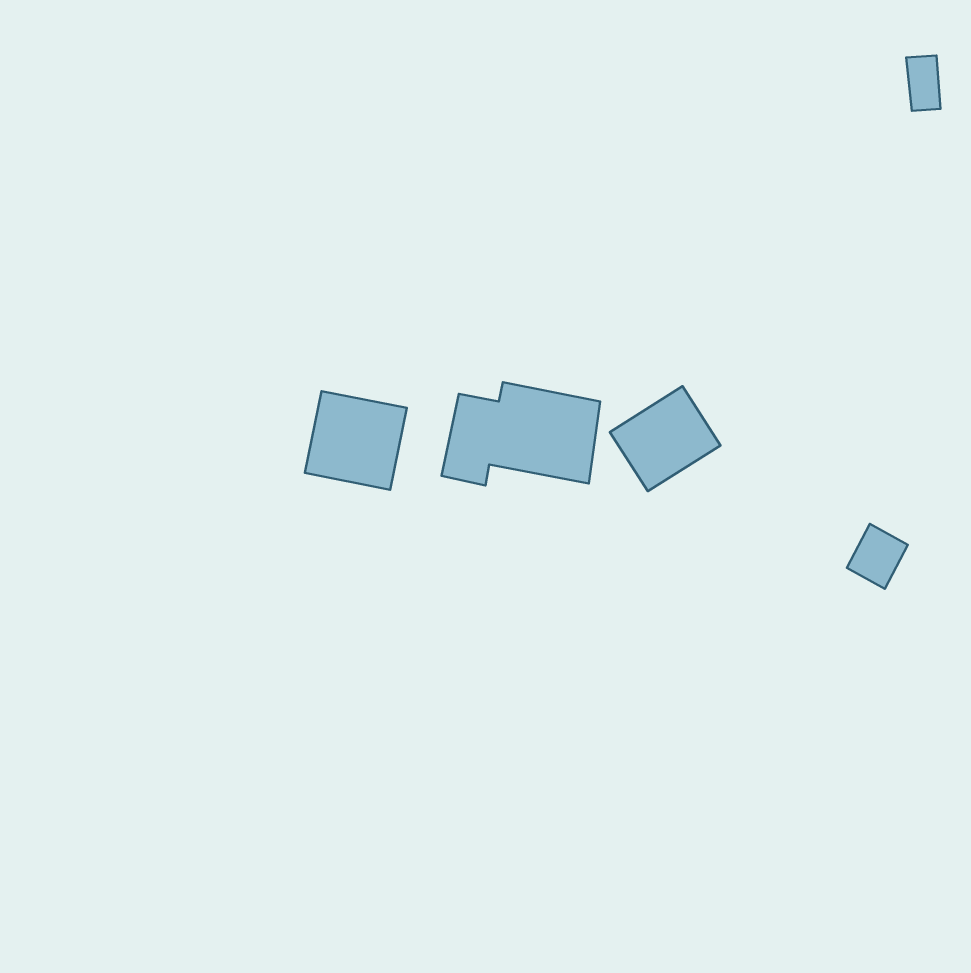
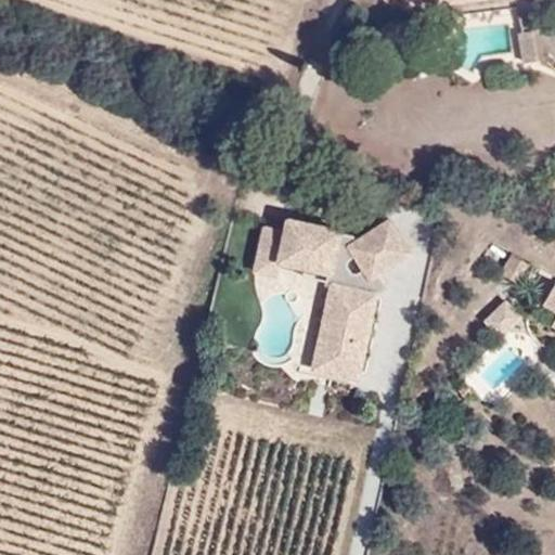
building: [305,391,407,490] -> none
building: none -> [311,284,376,380]

